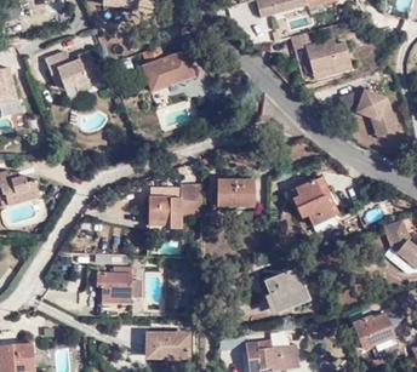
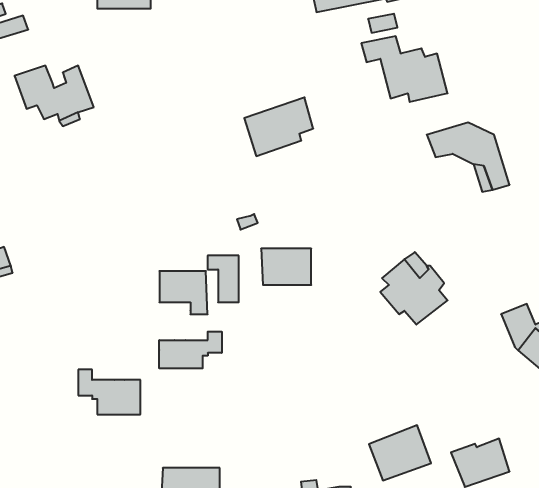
building: [141,48,189,90] -> [244,97,313,156]
building: none -> [159,332,222,368]
building: [264,267,308,305] -> [369,425,431,480]

